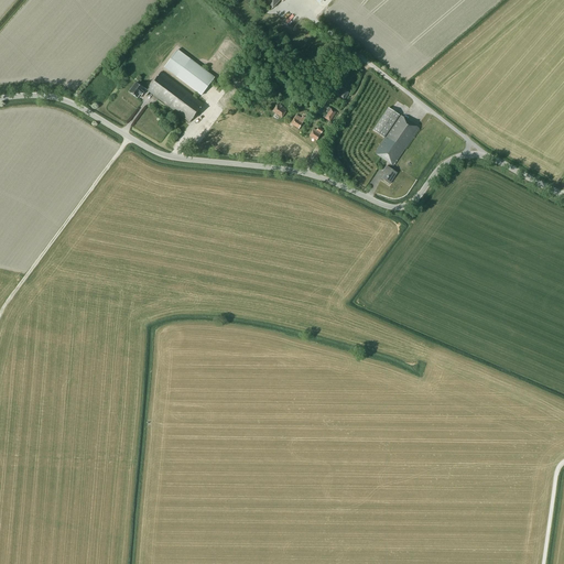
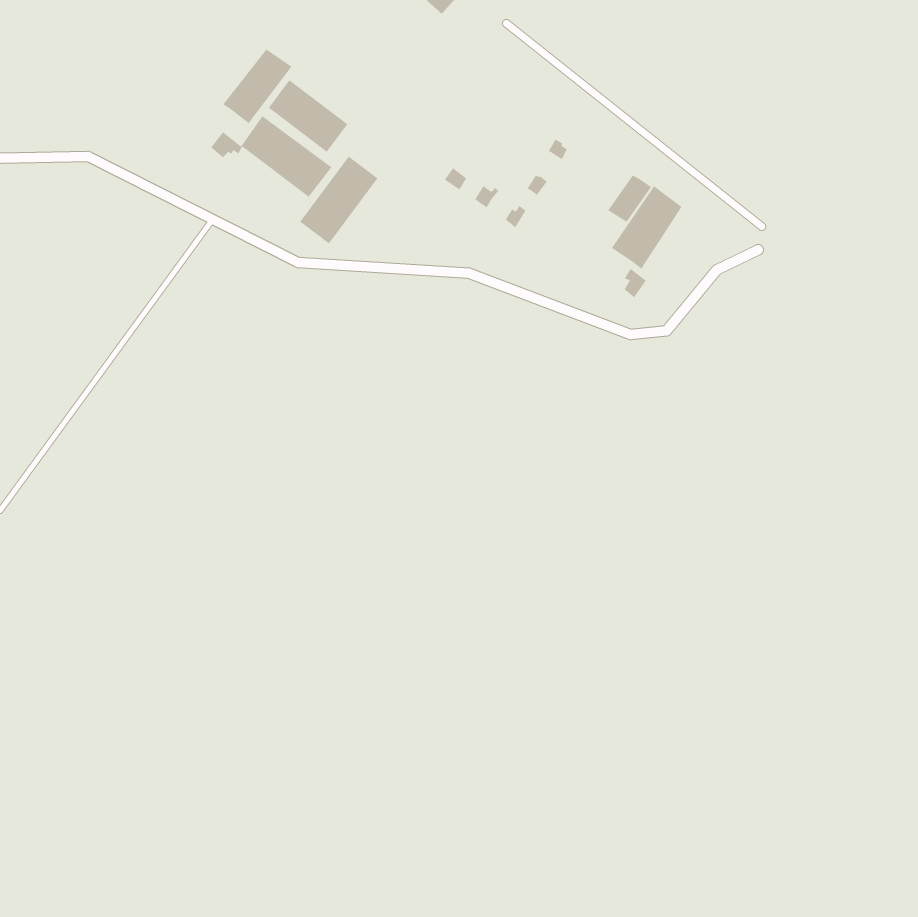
building: none -> [222,49,292,124]
building: none -> [299,156,379,244]

